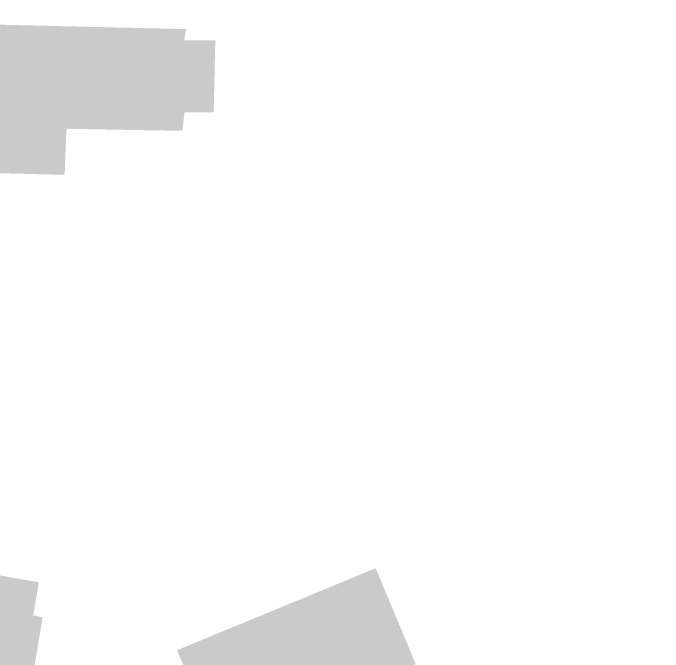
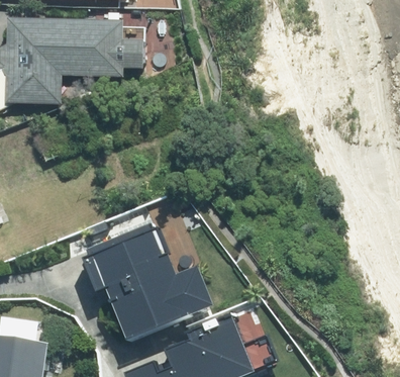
building: none -> [88,223,188,340]

